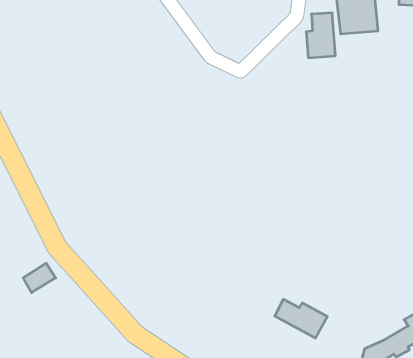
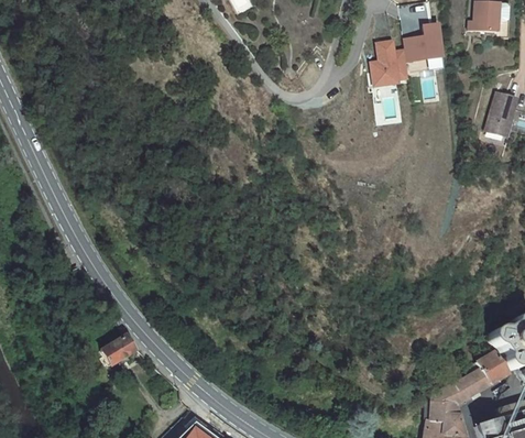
building: [23,263,56,293] -> [100,335,134,365]
building: [275,299,327,338] -> none

